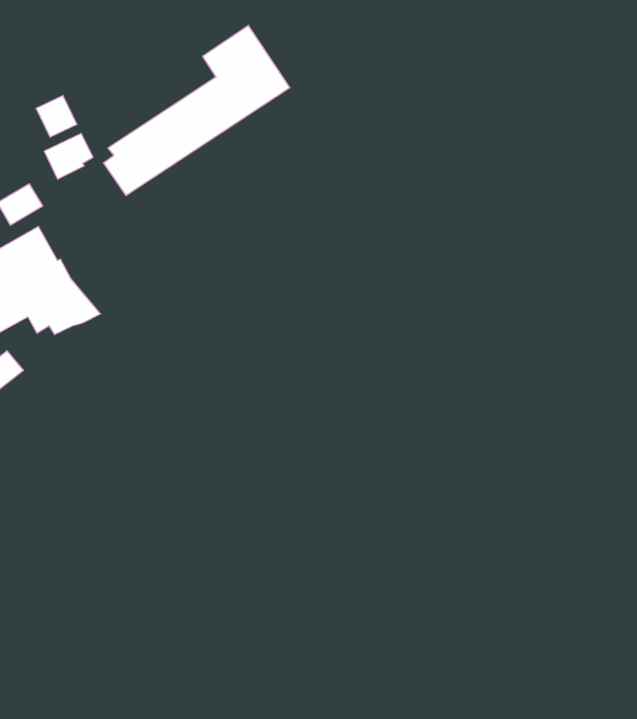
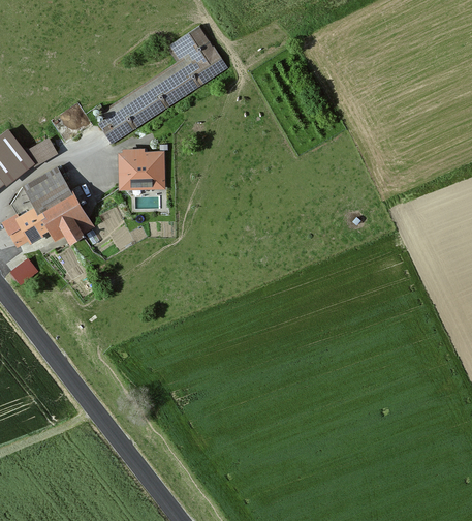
building: [36,95,77,137] -> none
building: none -> [116,148,165,190]

